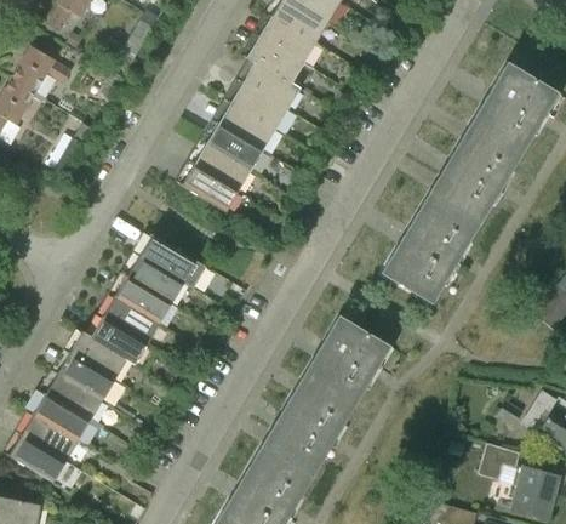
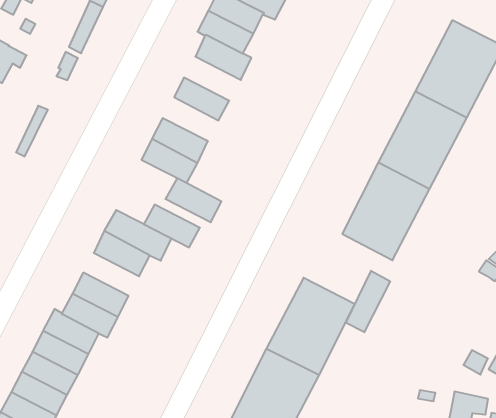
building: [230,82,288,130] -> none
building: [206,123,263,170] -> [165,178,221,222]
building: [115,277,172,323] -> [144,205,200,247]
building: none -> [346,271,390,332]

